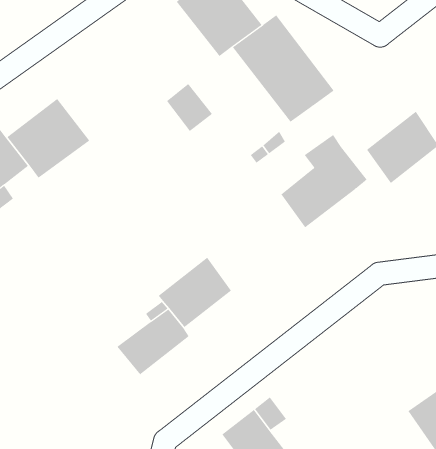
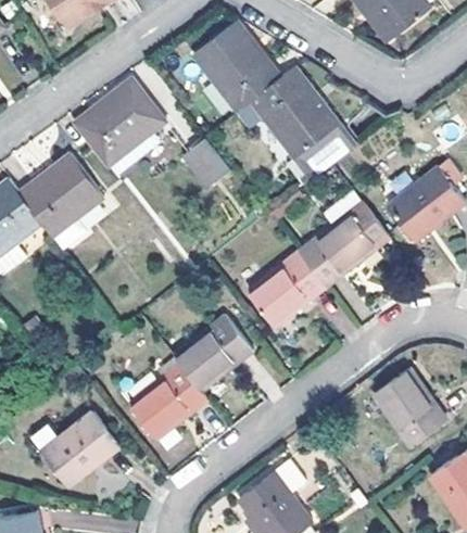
building: none -> [75,78,164,178]
building: none -> [248,252,325,325]
building: none -> [373,369,445,445]
building: none -> [30,411,117,483]

